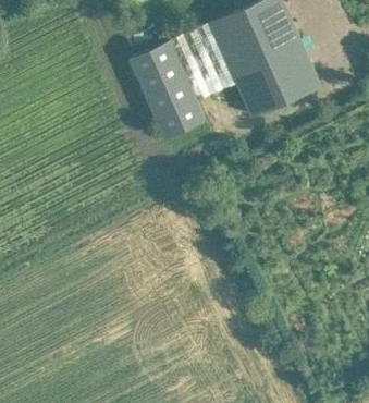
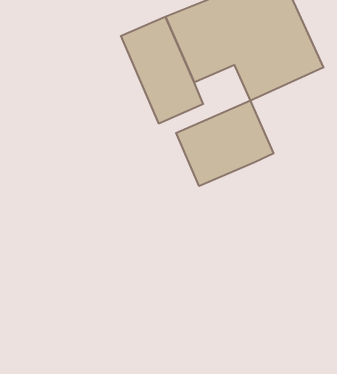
building: none -> [176,100,273,186]

